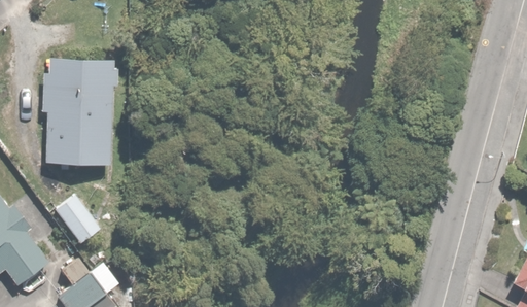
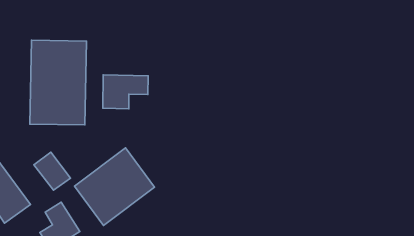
building: none -> [103,75,148,109]
building: none -> [74,148,155,225]

